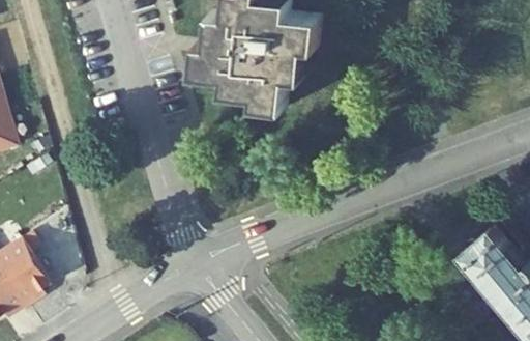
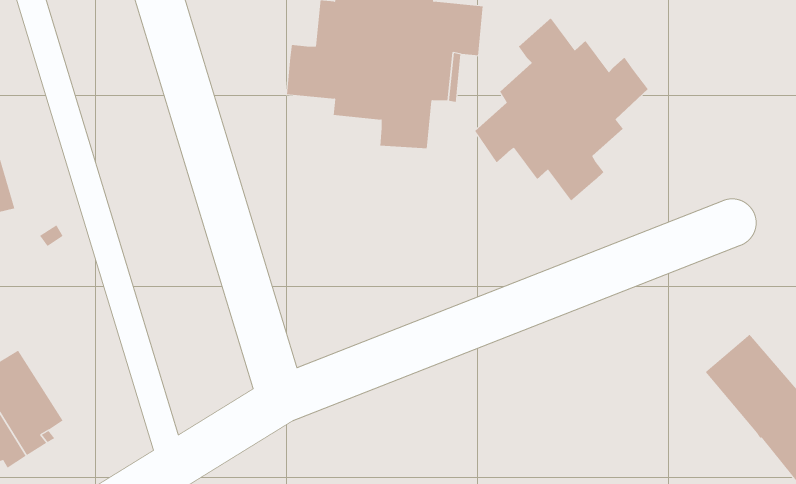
building: none -> [474,17,648,202]

